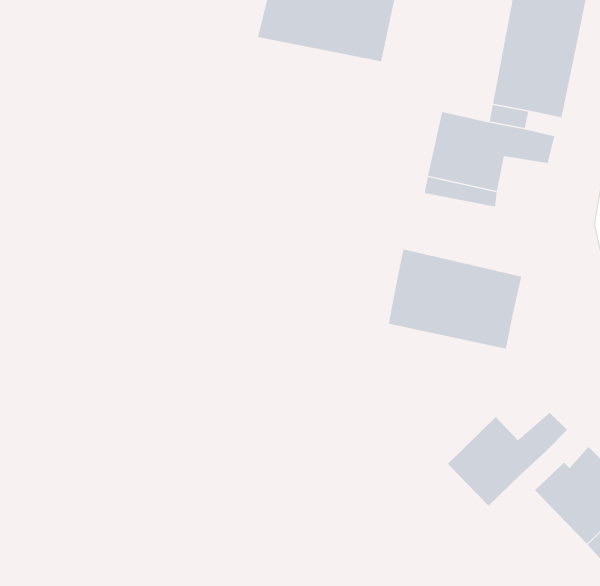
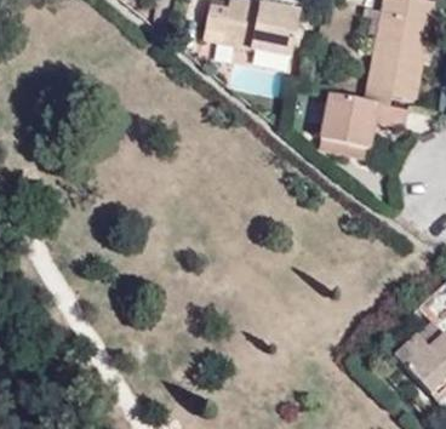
building: [388,248,522,349] -> none
building: [447,412,568,507] -> none

